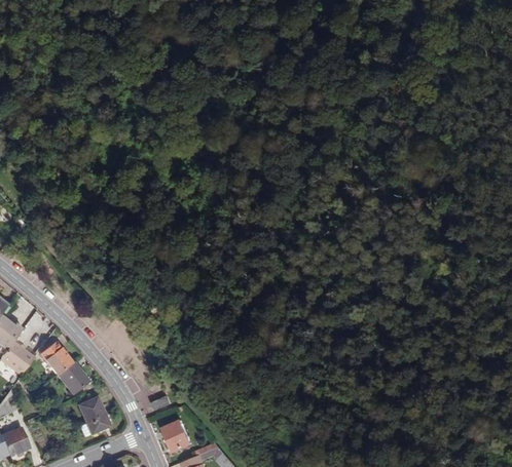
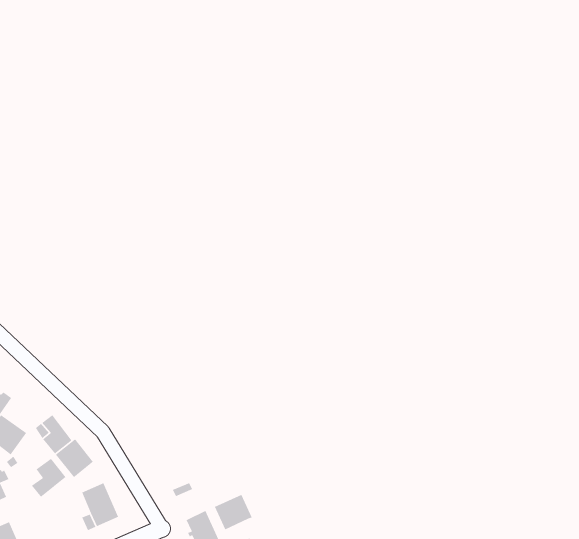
building: none -> [31,458,66,498]
building: none -> [214,494,253,530]

